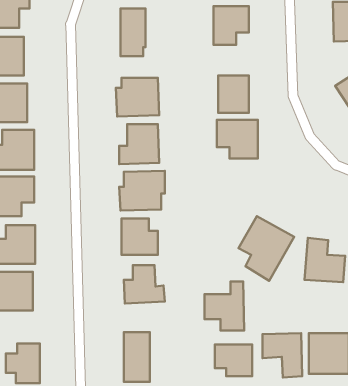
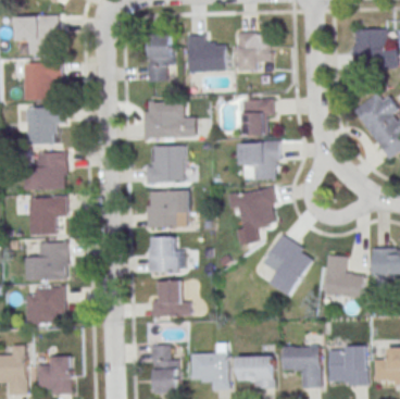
building: none -> [188,35,224,71]
building: none -> [228,187,277,229]
building: [204,282,244,330] -> [191,342,229,389]

